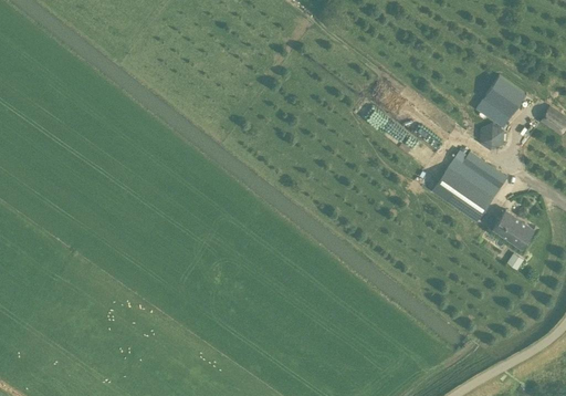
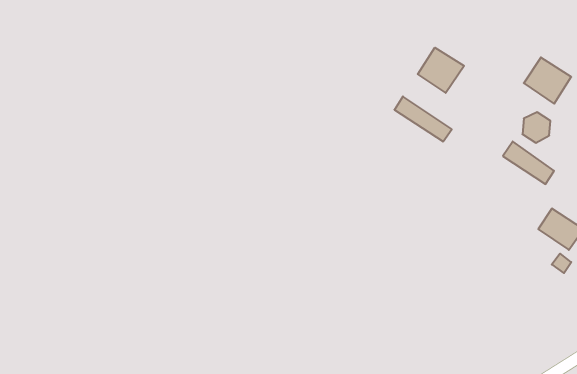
building: none -> [418,48,464,93]
building: [432,166,494,222] -> none

